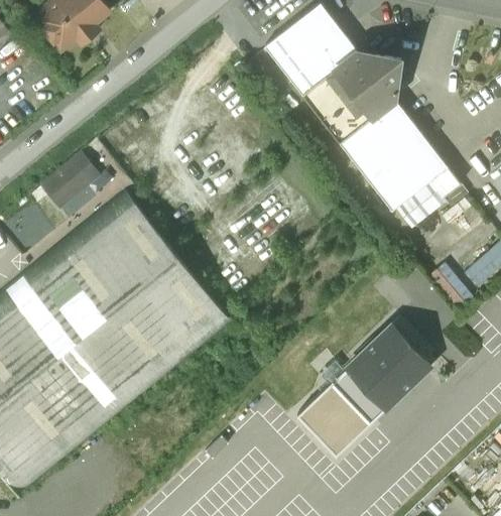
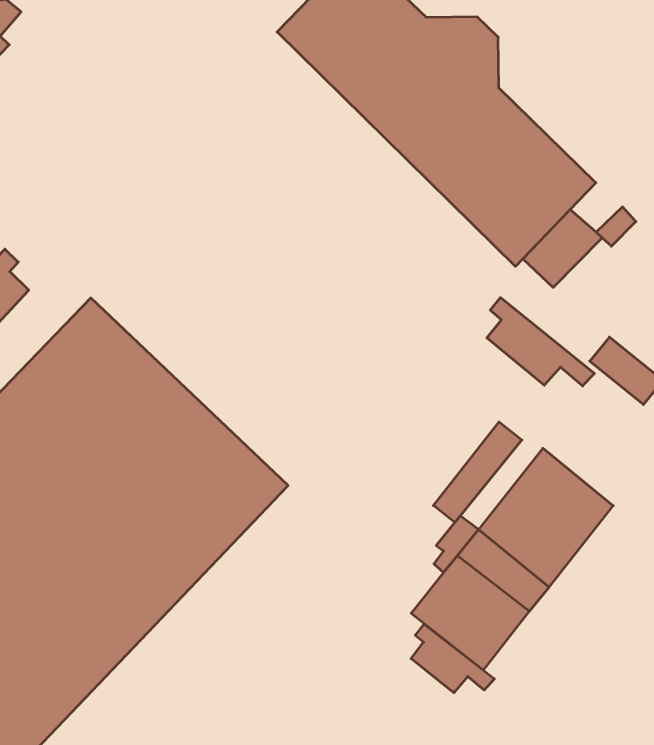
building: none -> [487,298,594,386]
building: none -> [433,422,522,522]
building: none -> [411,624,494,693]

